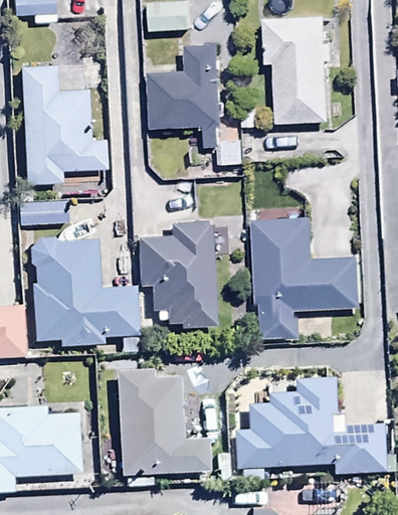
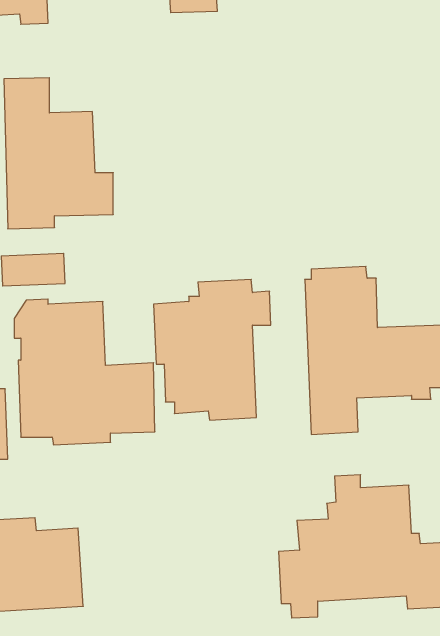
building: [262,15,335,124] -> none
building: [149,44,243,165] -> none
building: [118,369,210,488] -> none

